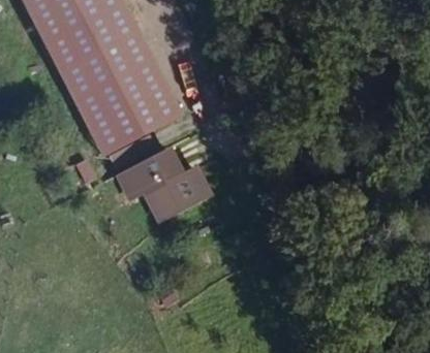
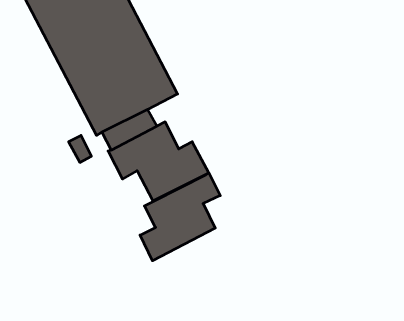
building: none -> [140,173,220,261]

